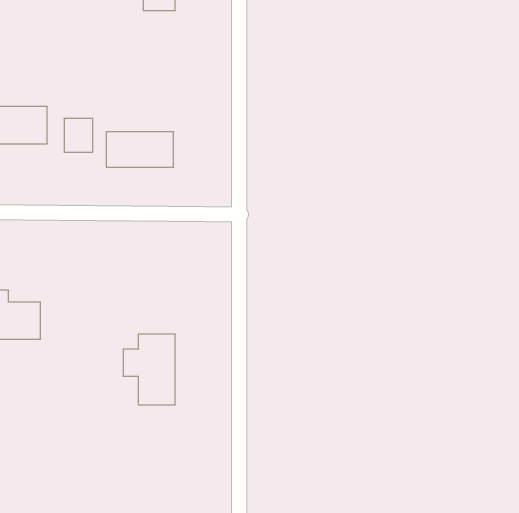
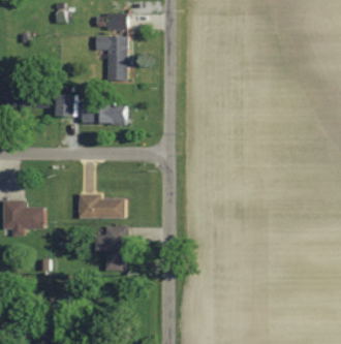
building: none -> [95,36,126,81]
building: none -> [78,194,124,219]

